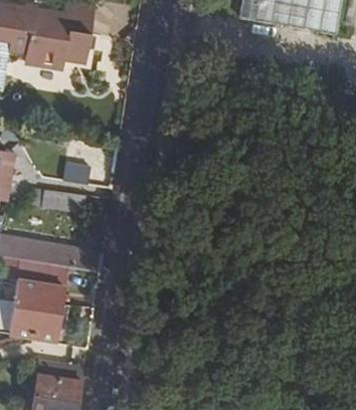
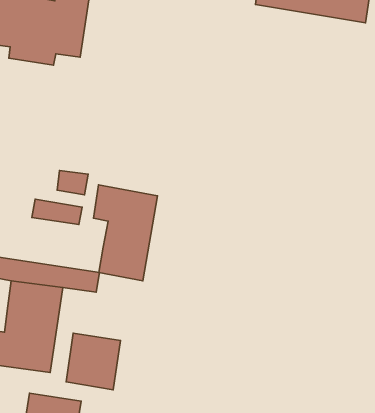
building: none -> [94,185,157,281]
building: none -> [66,333,121,390]

